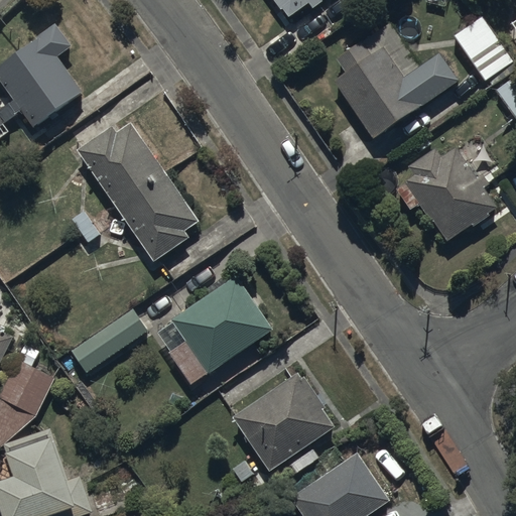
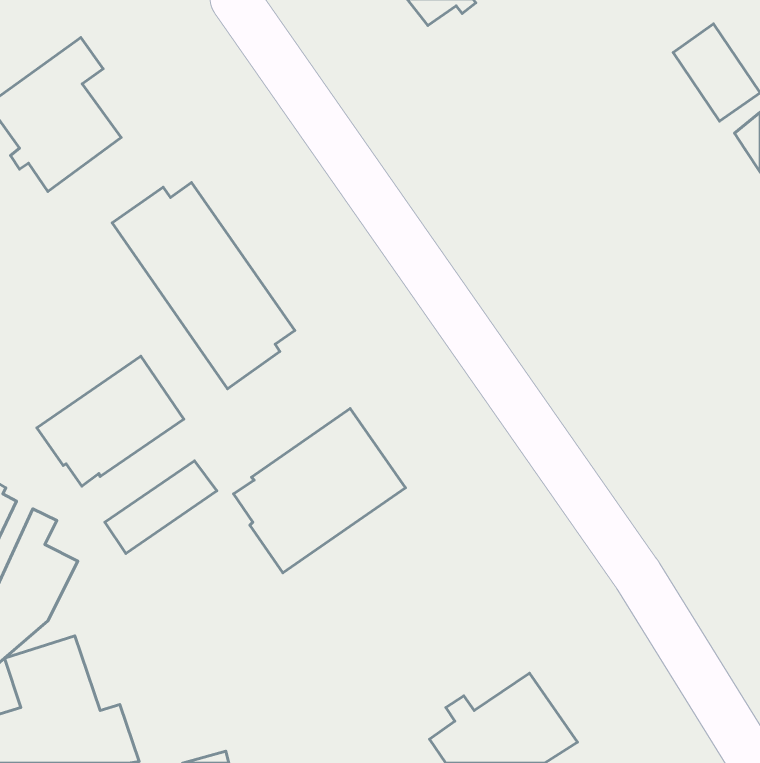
building: [332,22,459,140] -> none
building: [394,147,497,241] -> none
building: none -> [37,356,184,486]
building: [232,371,334,473] -> none

